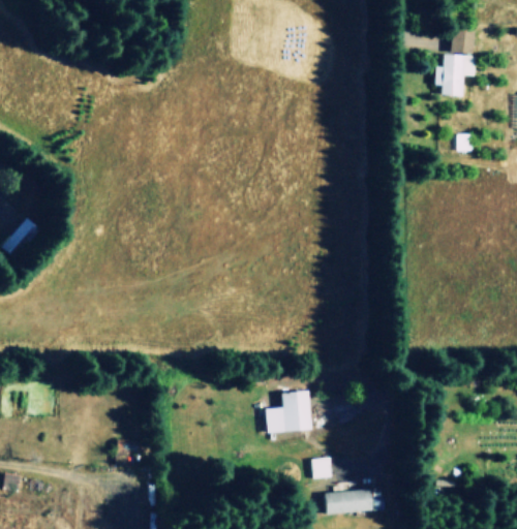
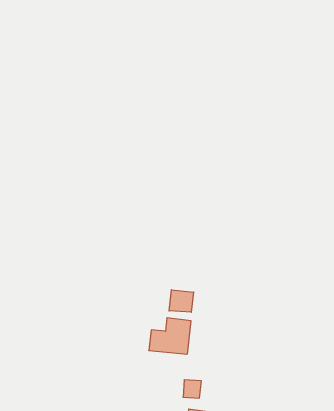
building: none -> [169,290,194,312]

